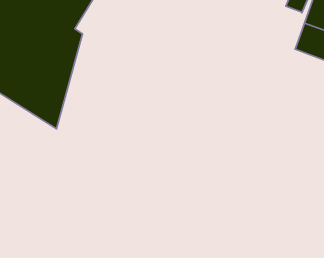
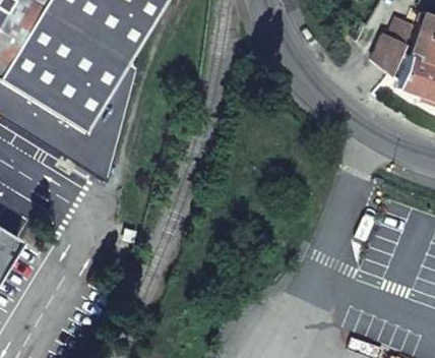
building: none -> [368,31,402,72]

